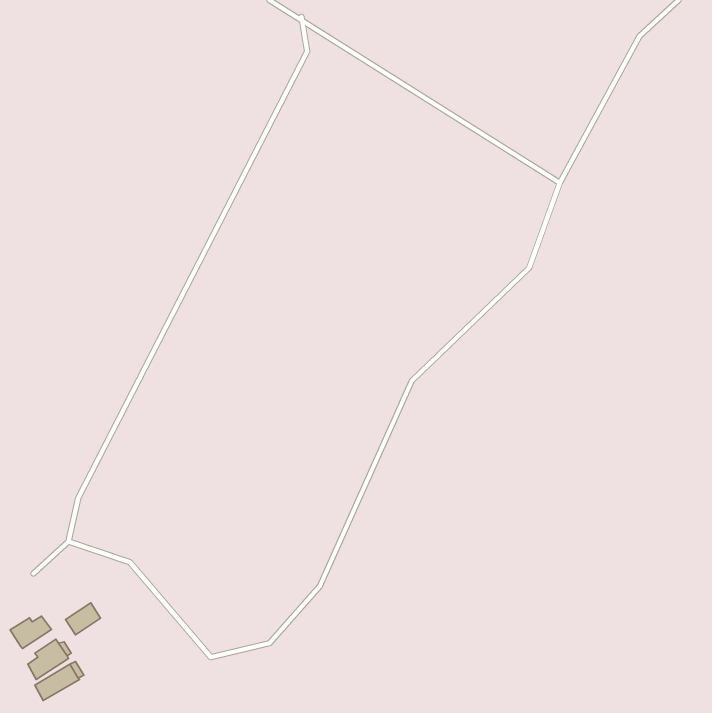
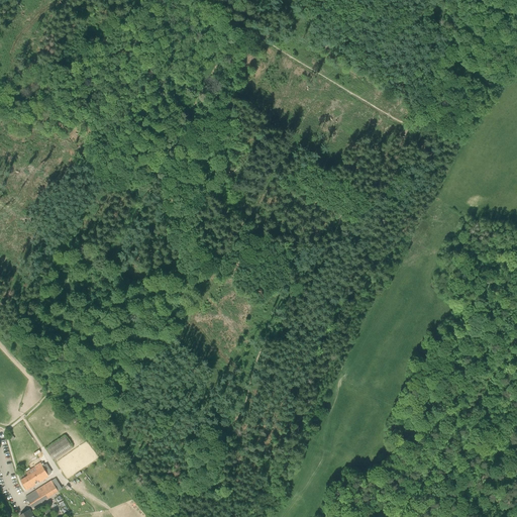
building: [10,616,52,648] -> none

